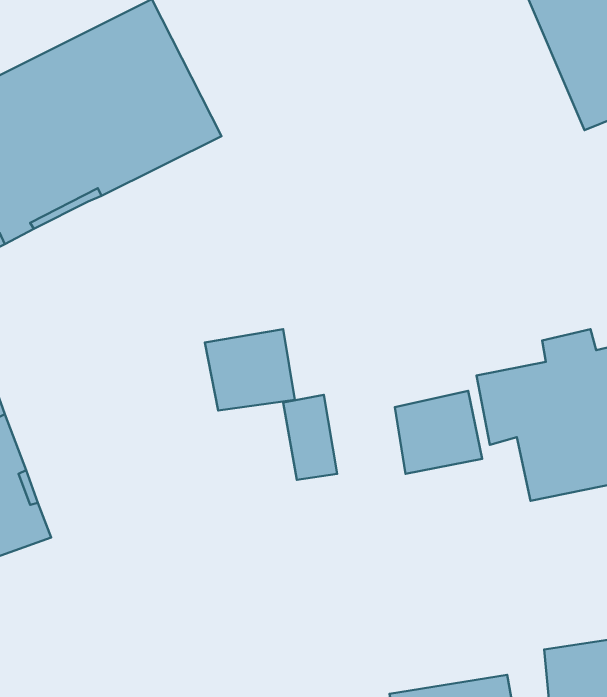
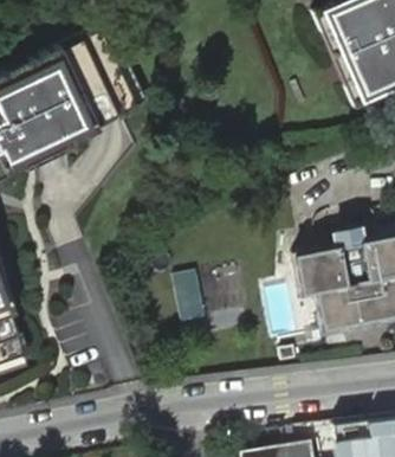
building: [205,329,295,411] -> none
building: [395,391,482,474] -> none

